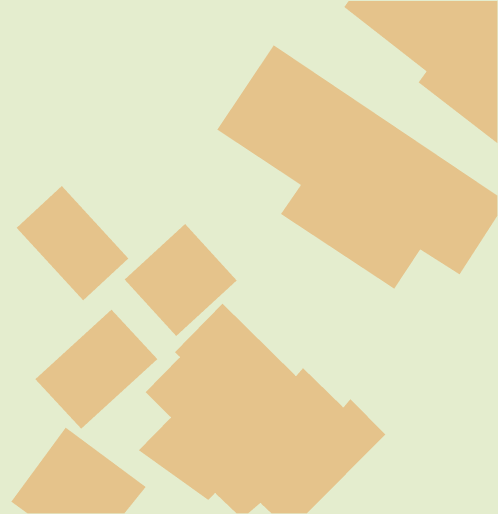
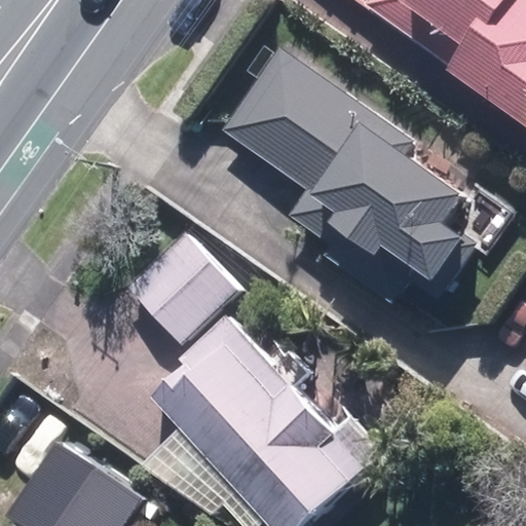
building: [16,185,129,301] -> none
building: [35,309,158,430] -> none

